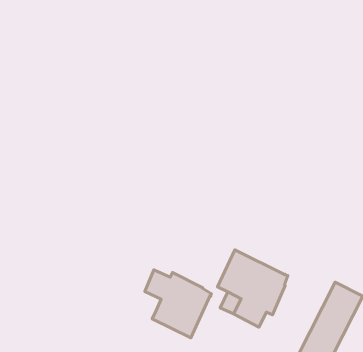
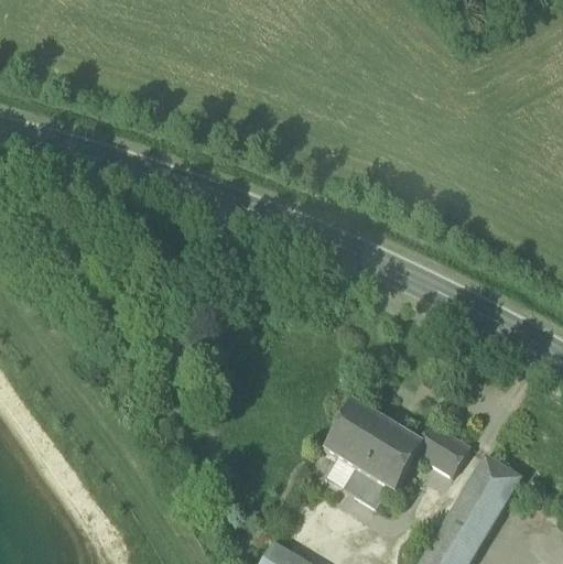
building: none -> [415,421,470,474]
building: [145,270,212,338] -> none

